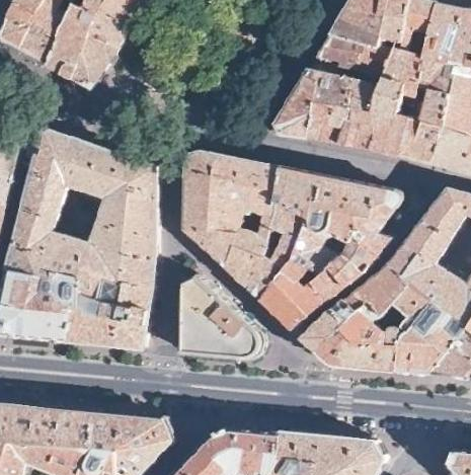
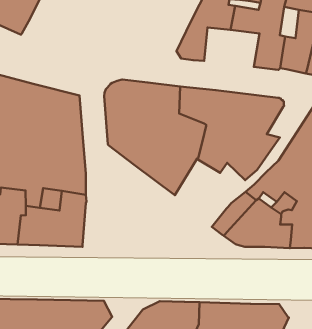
building: [307,99,376,151] -> none
building: [258,255,344,329] -> none
building: [180,276,259,358] -> none

